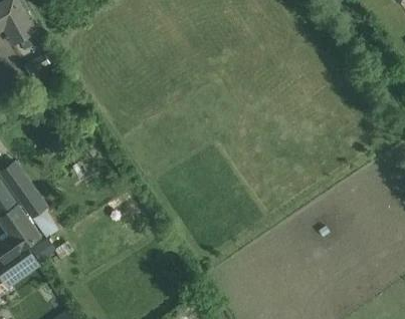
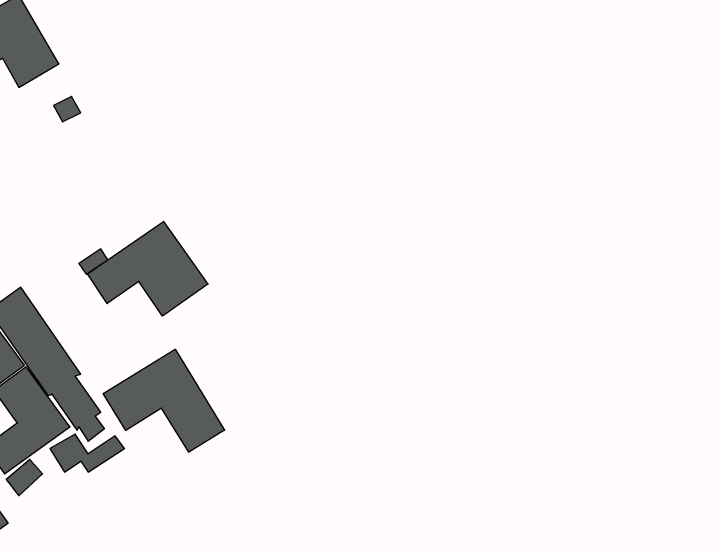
building: none -> [88,221,208,316]
building: none -> [103,349,225,452]

